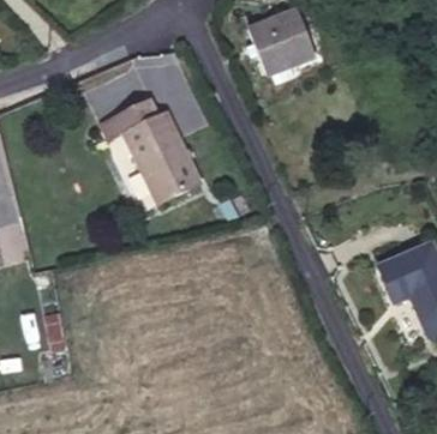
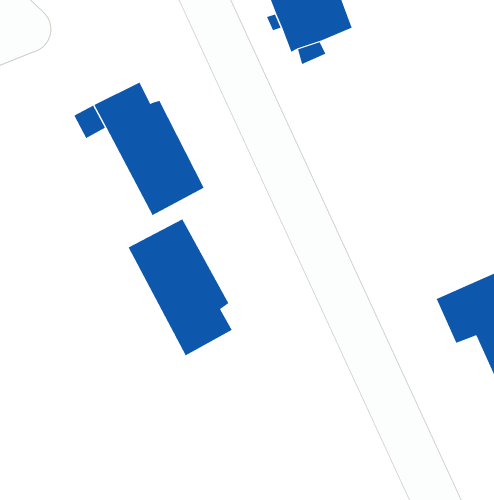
building: none -> [128,218,232,356]

